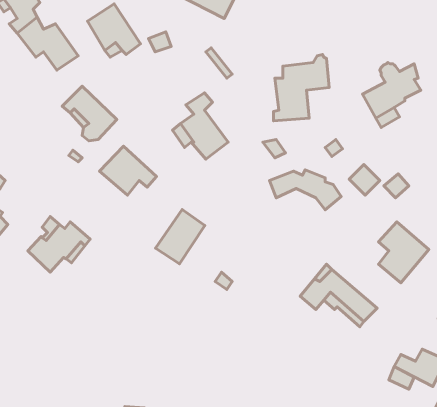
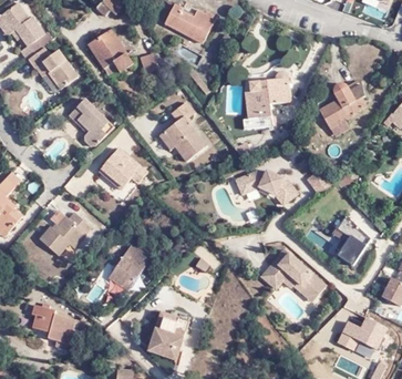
building: [156,210,205,264] -> [107,244,148,289]
building: none -> [30,299,78,344]
building: none -> [148,310,188,358]

